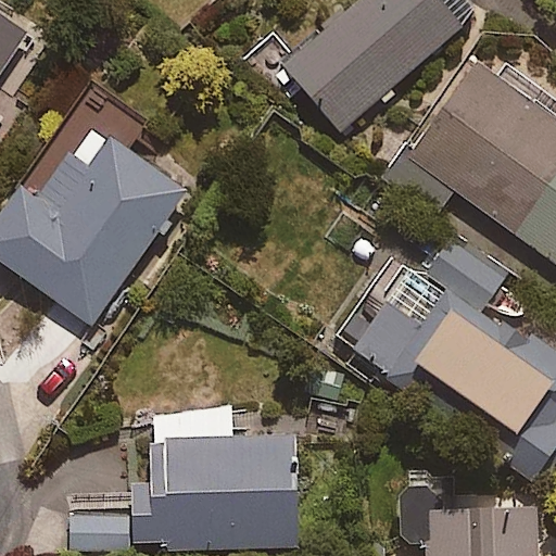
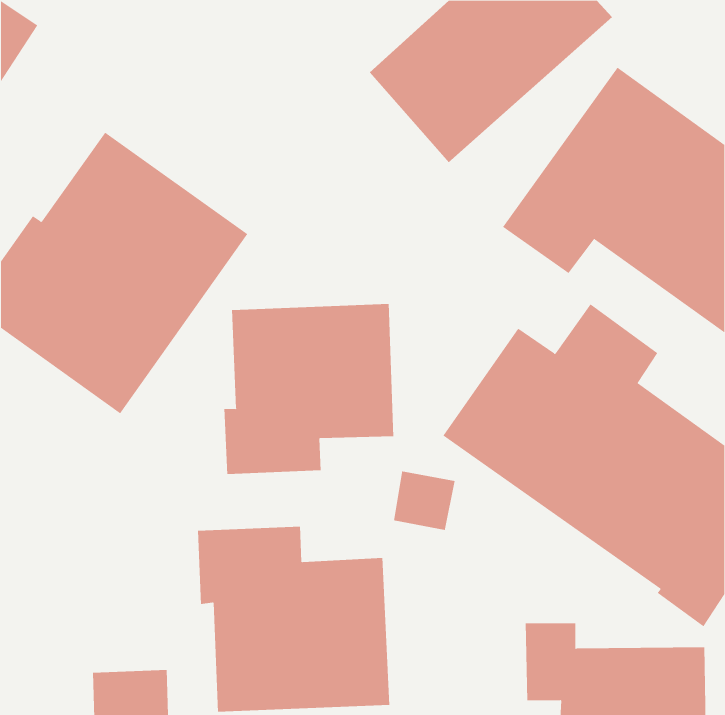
building: none -> [224,303,394,475]

